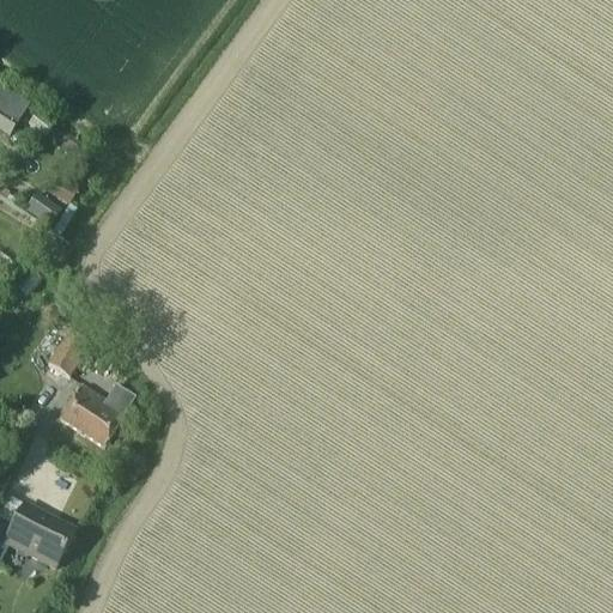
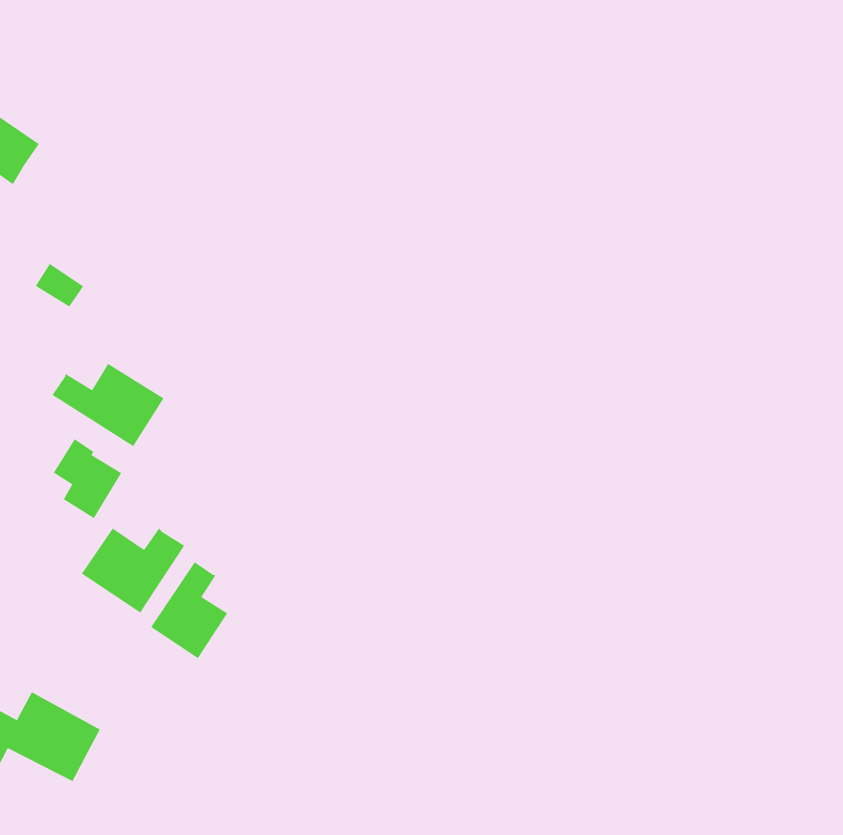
building: none -> [52,363,164,447]
building: none -> [150,561,228,659]

